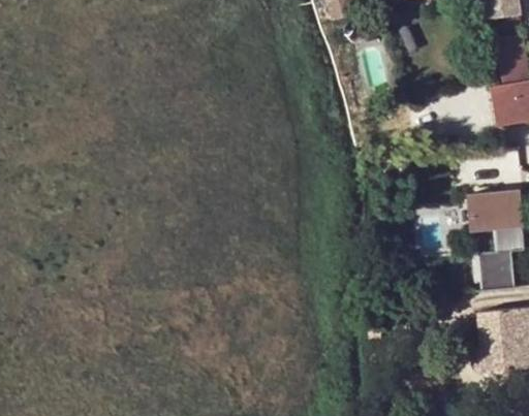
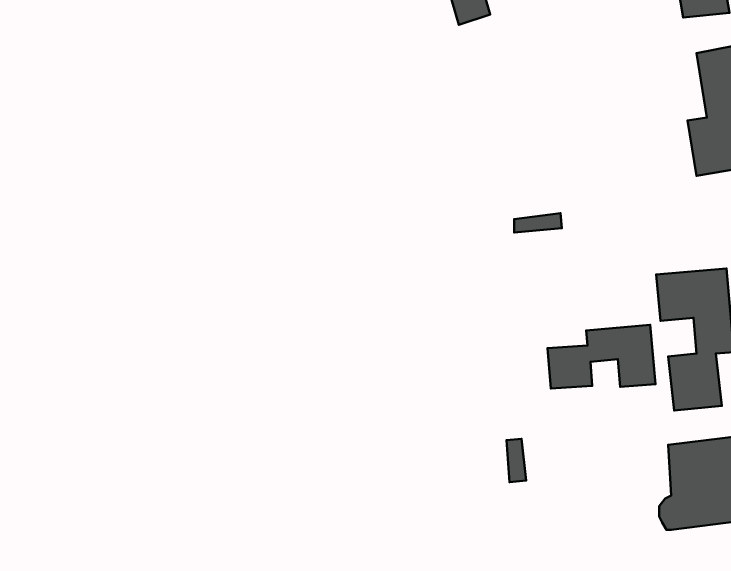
building: none -> [547,325,656,389]

